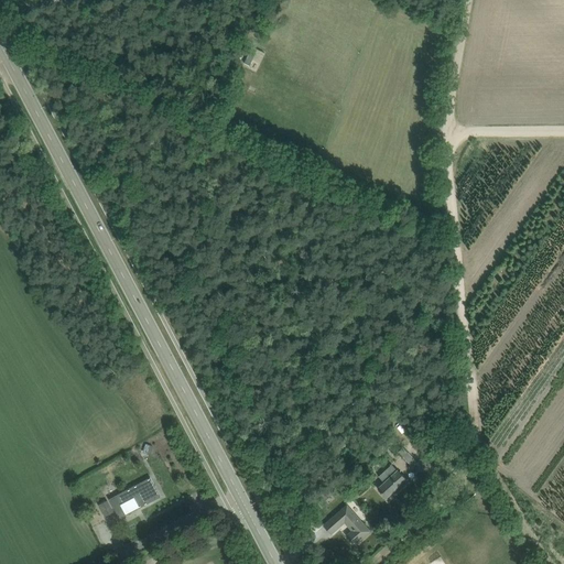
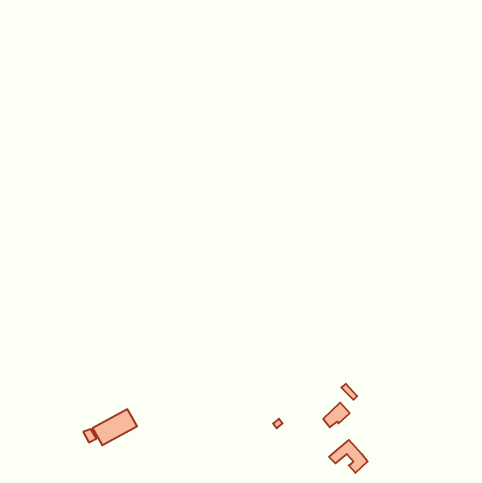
building: [323,506,368,544] -> [329,440,368,473]

